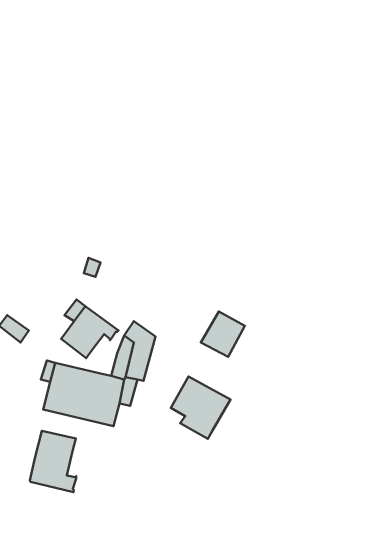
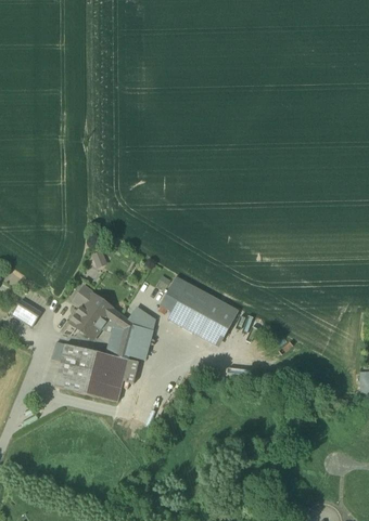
building: none -> [98,314,127,355]
building: [171,377,230,439] -> [158,276,213,333]
building: [30,431,76,492] -> none

